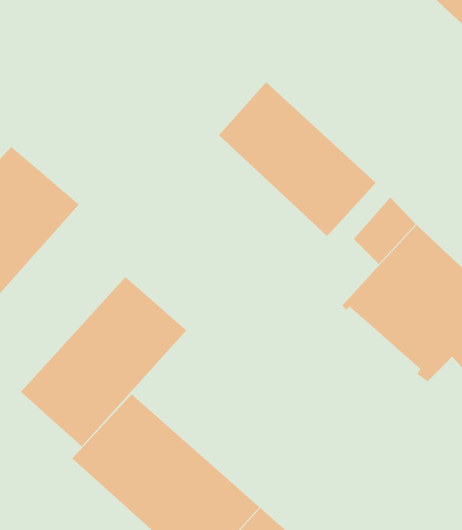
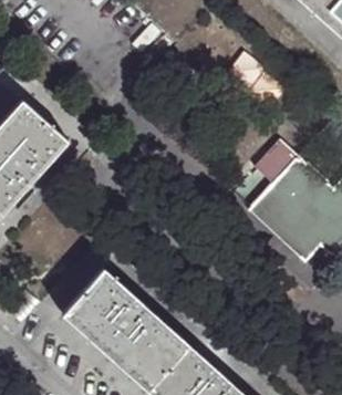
building: [218,81,377,237] -> none
building: [20,276,187,447] -> none

